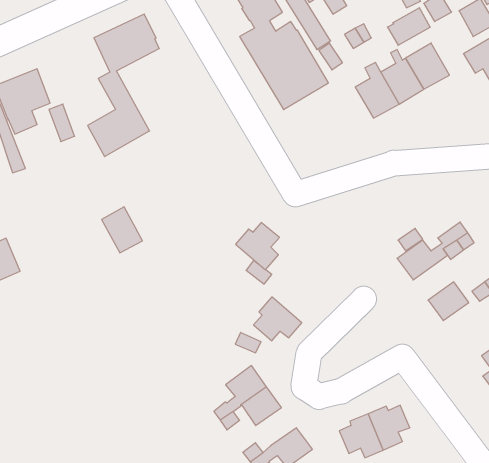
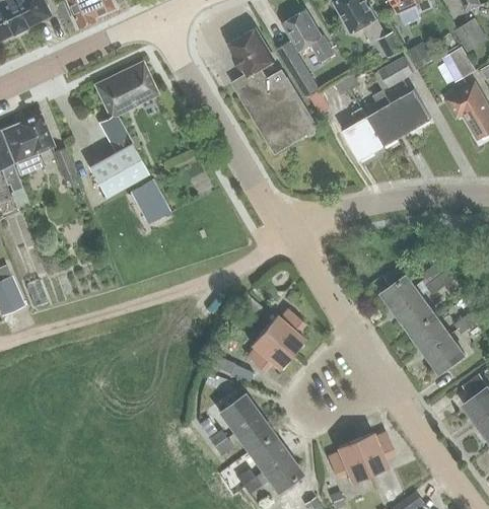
building: [102,207,142,253] -> [130,179,168,223]
building: [236,223,279,270] -> [263,309,304,354]
building: none -> [397,296,435,333]
building: none -> [425,335,464,372]
building: none -> [248,434,286,470]

